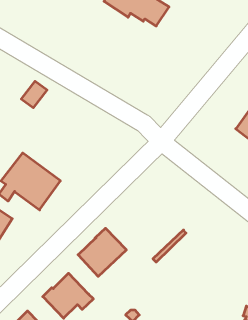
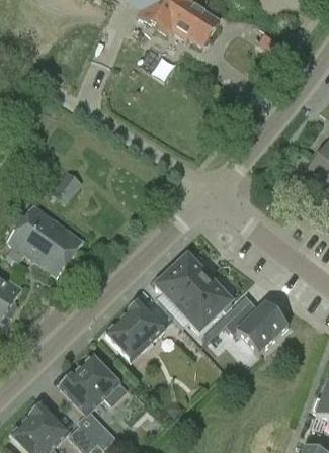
building: [21,81,47,108] -> [50,171,82,204]
building: none -> [154,256,231,333]
building: none -> [221,305,284,357]

